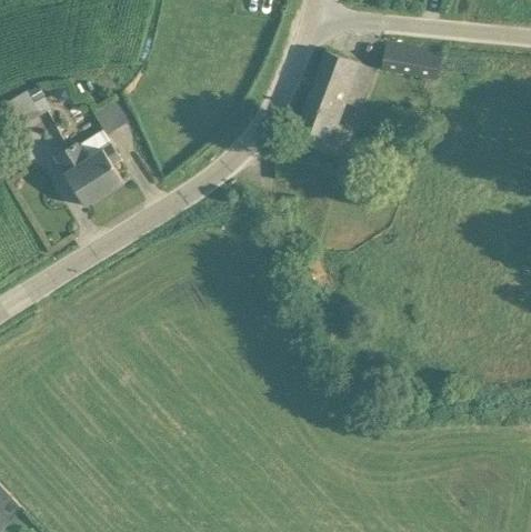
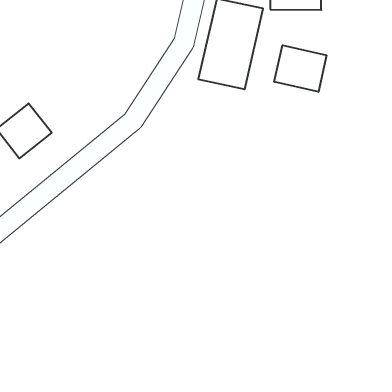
building: none -> [274,45,327,92]

